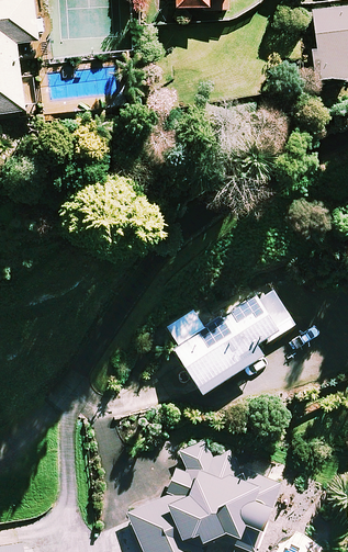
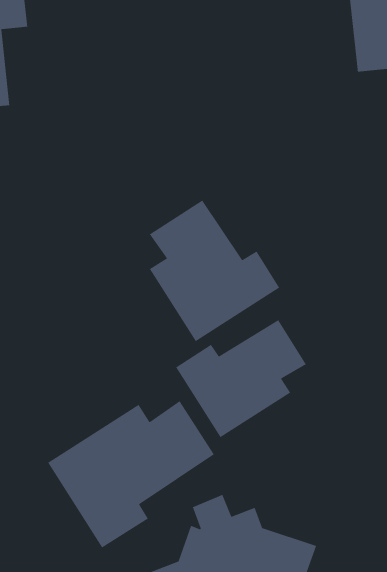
building: none -> [149,200,280,342]
building: none -> [47,400,215,549]

